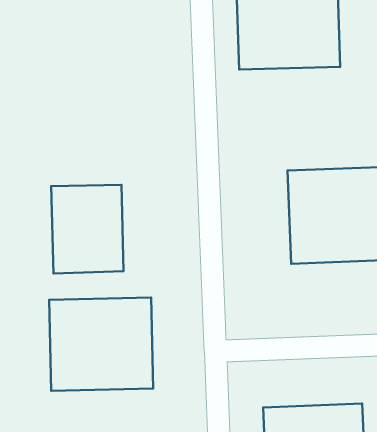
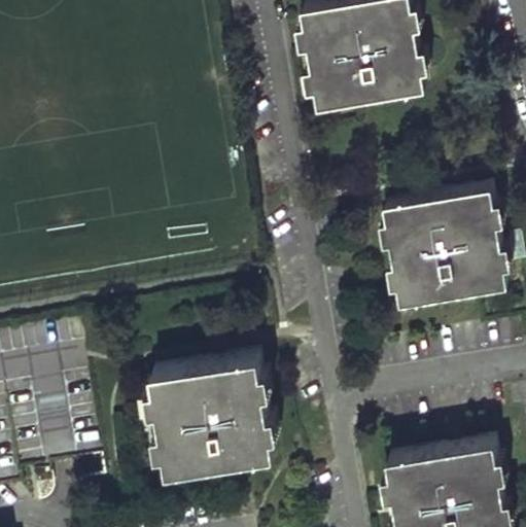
building: [51,185,123,273] -> none

